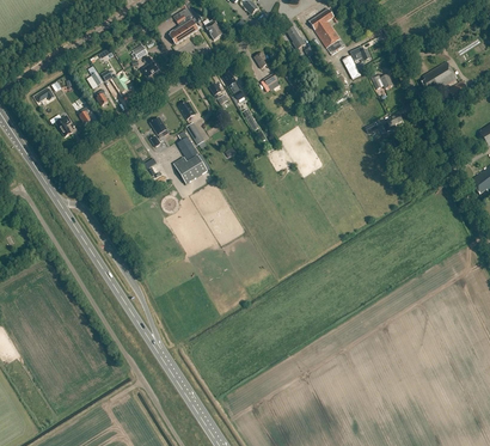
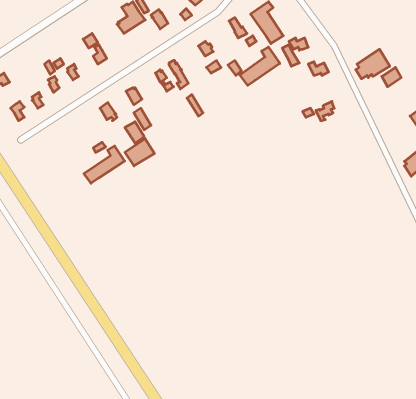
building: none -> [240,47,280,85]
building: none -> [84,146,125,183]

